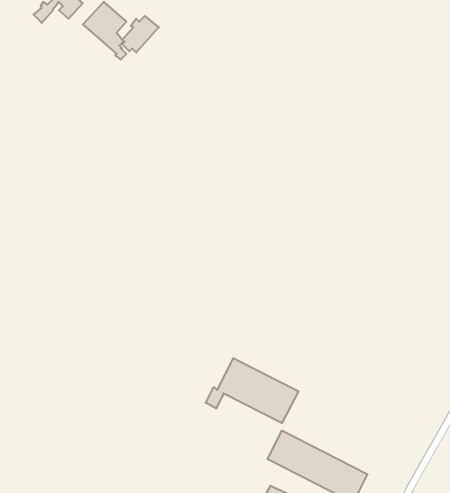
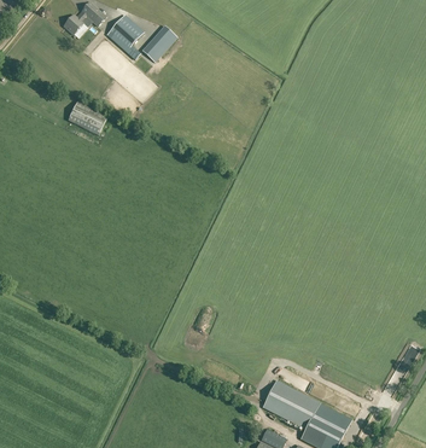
building: none -> [70,100,107,132]
building: [206,358,298,423] -> none

